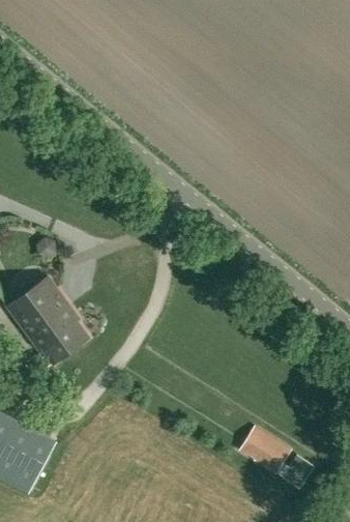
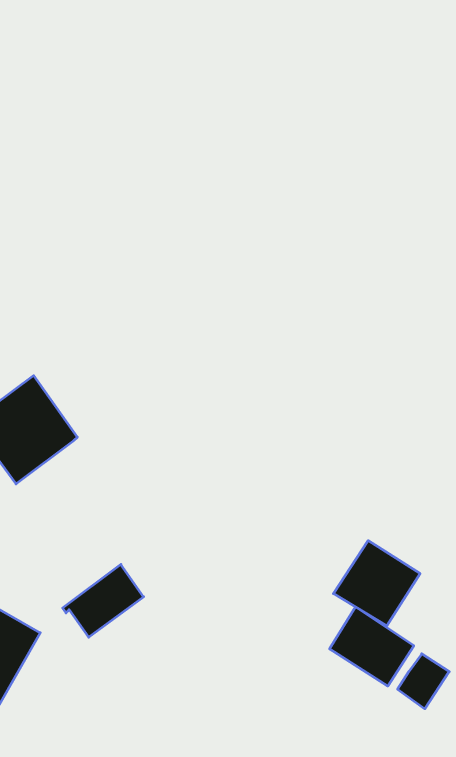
building: [37,318,89,365] -> [63,564,144,637]
building: none -> [333,541,420,626]

